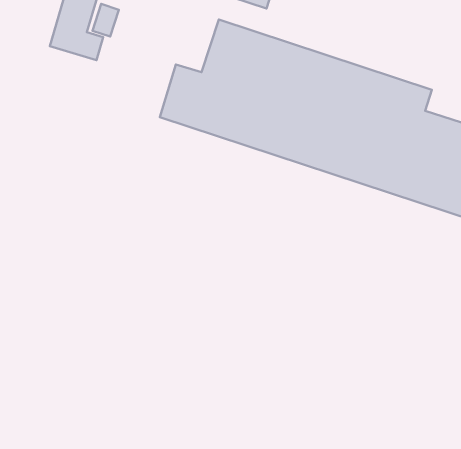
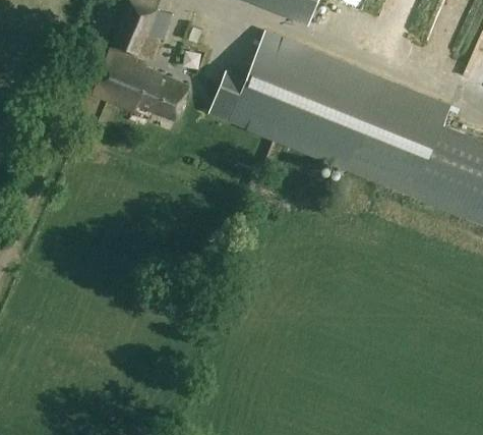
building: none -> [92,50,189,119]

